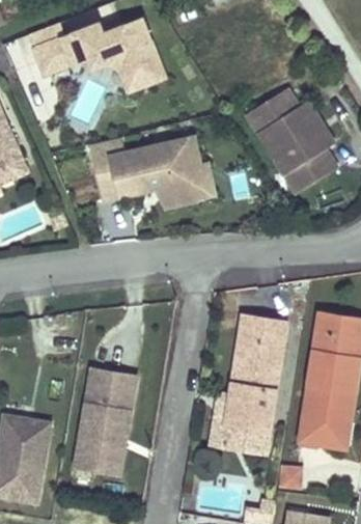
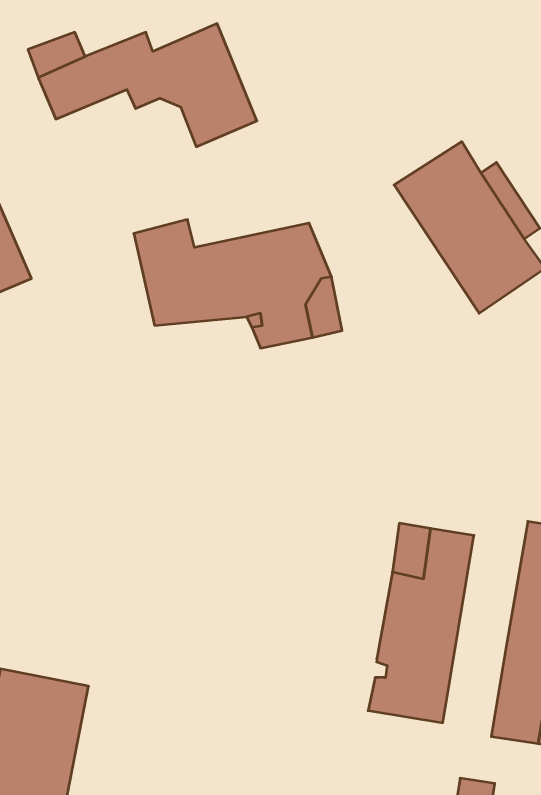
building: [74,359,142,471] -> none
building: [211,396,270,457] -> none

